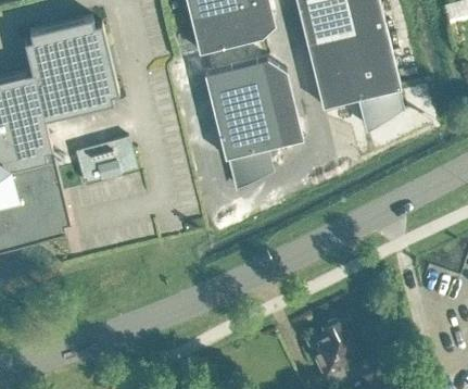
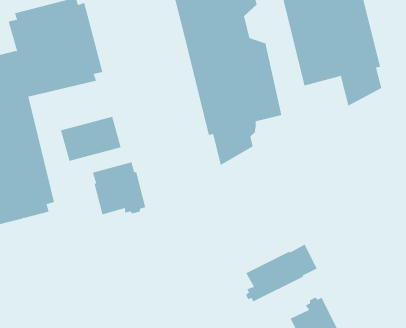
building: none -> [92,162,146,215]
building: none -> [245,244,317,302]

